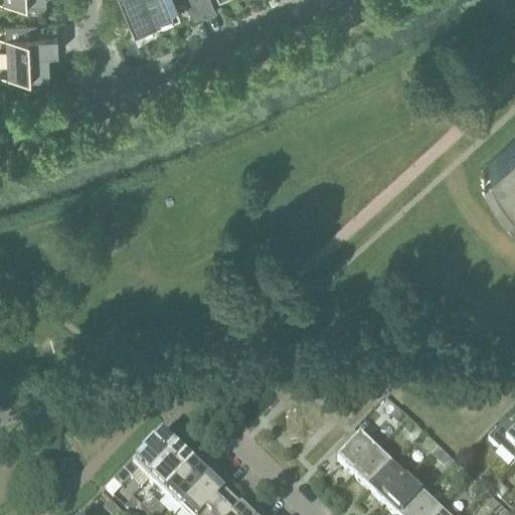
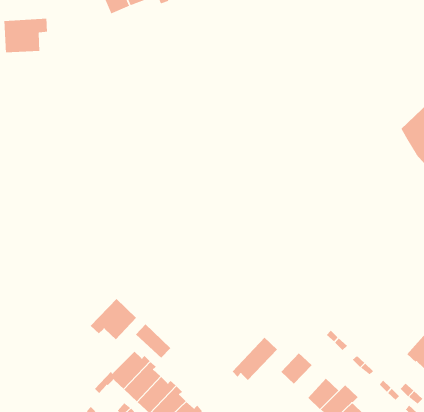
building: none -> [90,298,137,340]
building: none -> [135,324,171,358]
building: none -> [232,337,278,381]
building: [358,452,396,491] -> none

